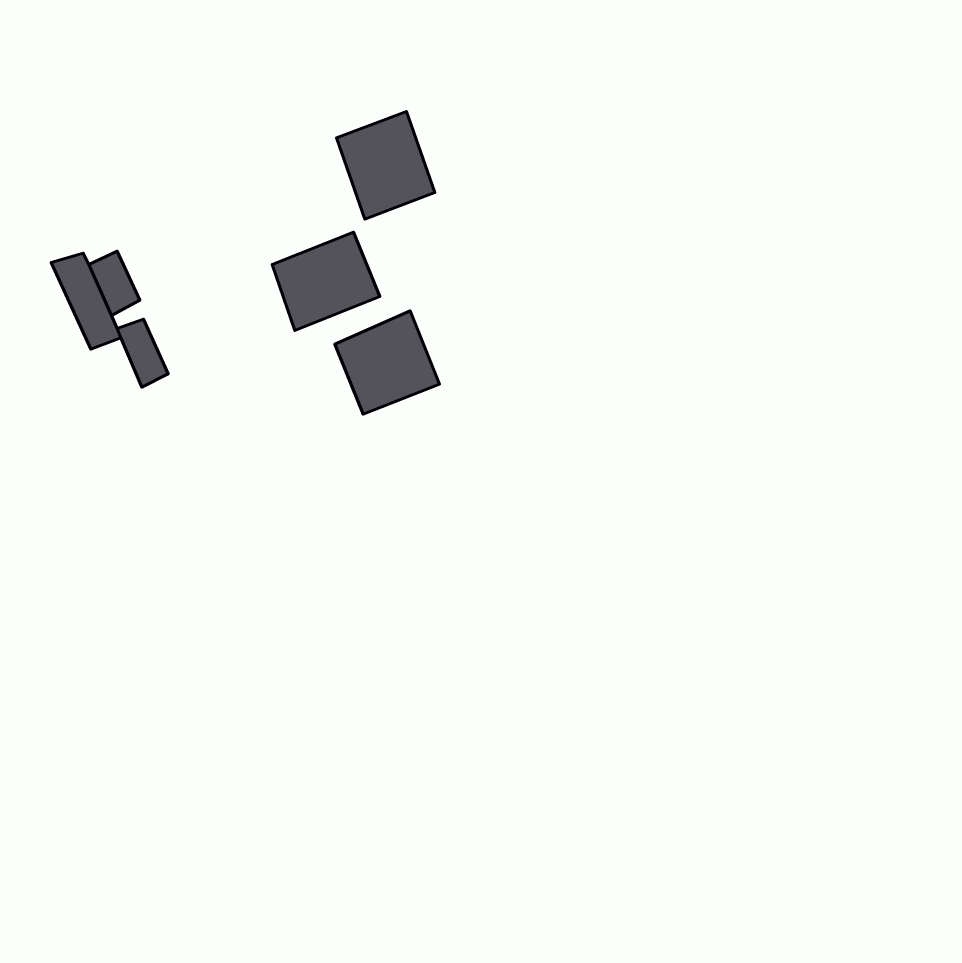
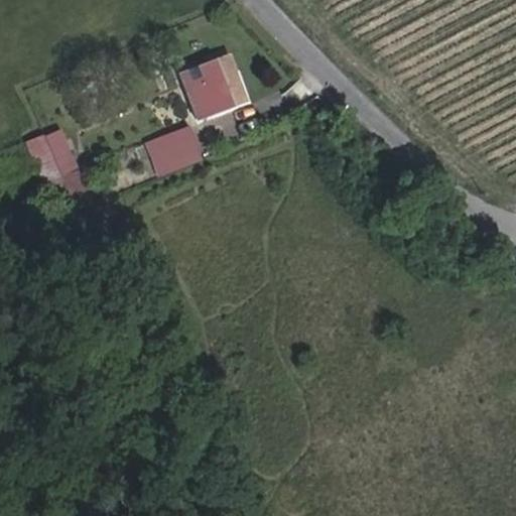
building: [335,311,440,414] -> none

